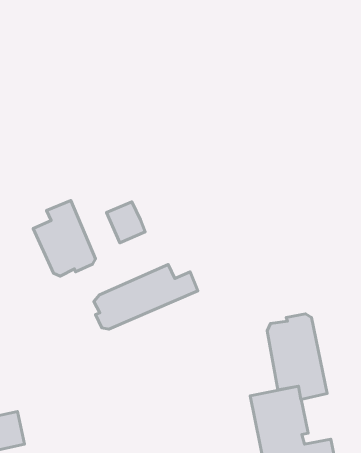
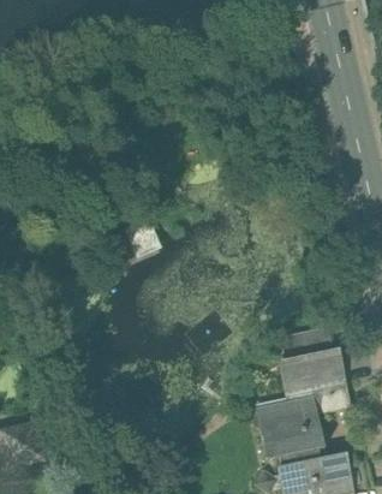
building: [33,201,96,276] -> none
building: [94,265,198,329] -> none

